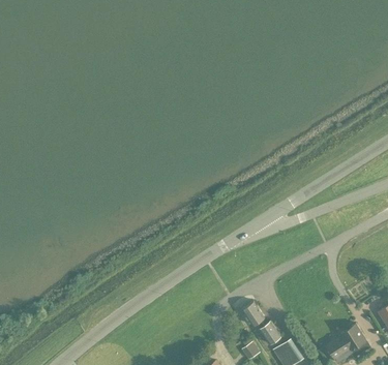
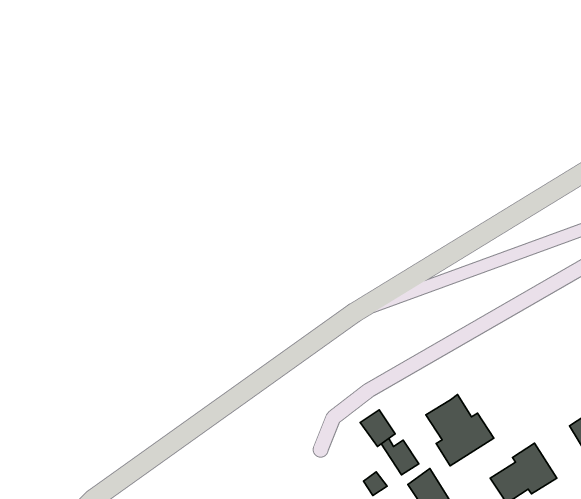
building: none -> [426,395,494,466]

